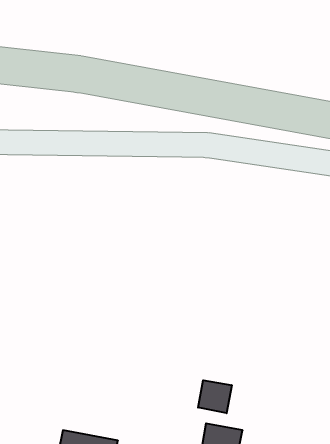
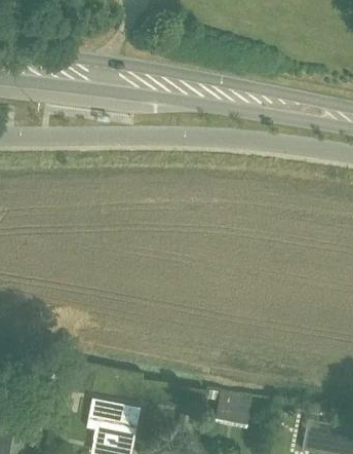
building: [198,380,232,413] -> none

